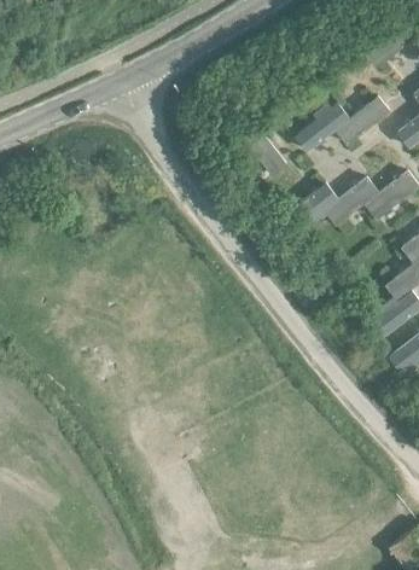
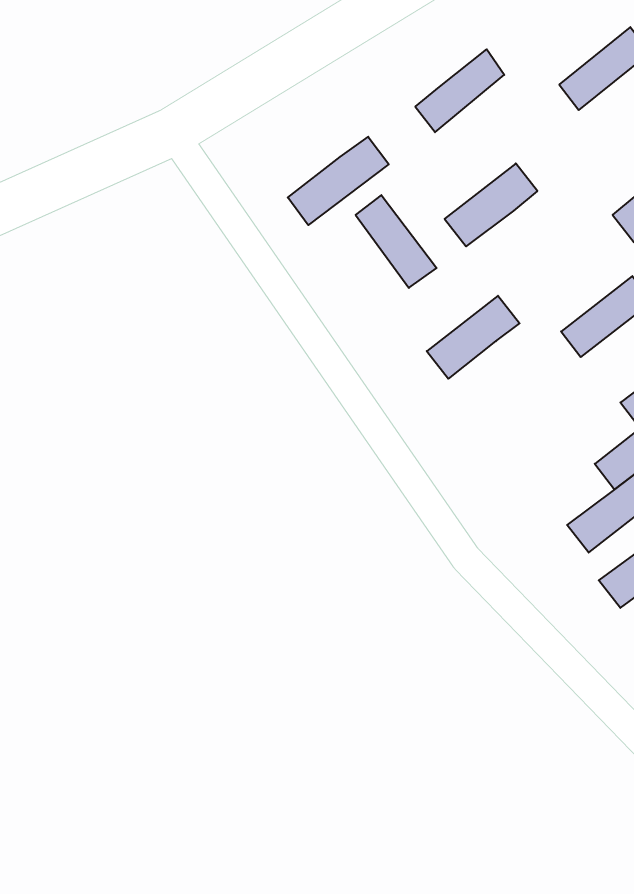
building: none -> [288,137,389,225]
building: [334,95,389,146] -> [415,49,504,132]
building: [324,176,379,226] -> none

